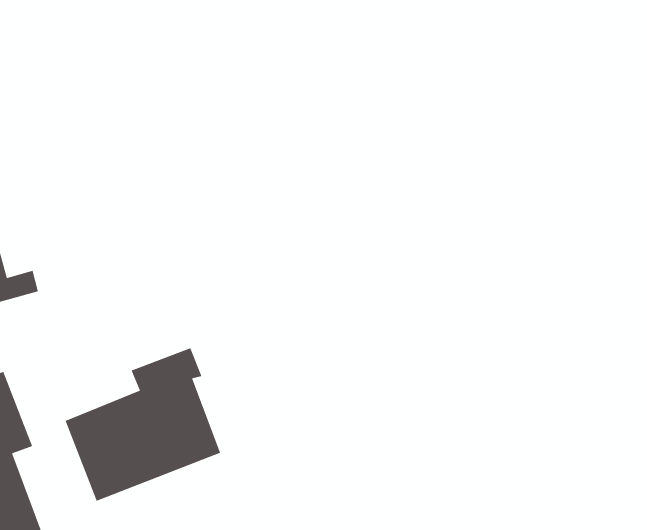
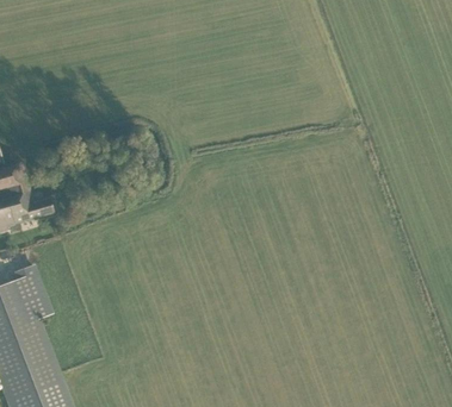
building: [65,347,221,502] -> none

